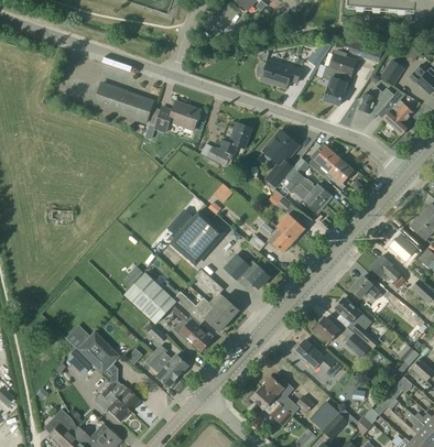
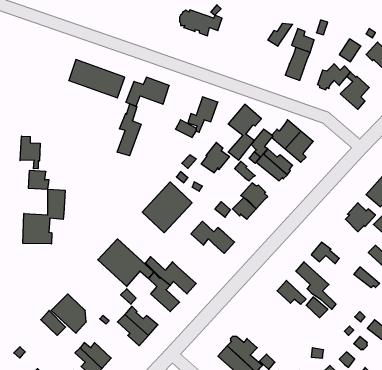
building: [257,61,302,88] -> [180,10,222,36]
building: none -> [117,104,141,156]
building: none -> [20,136,40,169]
building: none -> [201,142,229,173]
building: none -> [23,189,65,244]
building: [371,255,405,287] -> none
building: [195,270,239,320] -> none
building: [294,339,337,371] -> none

